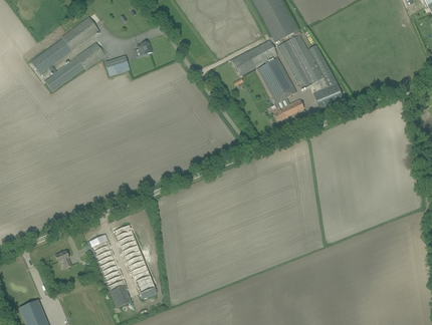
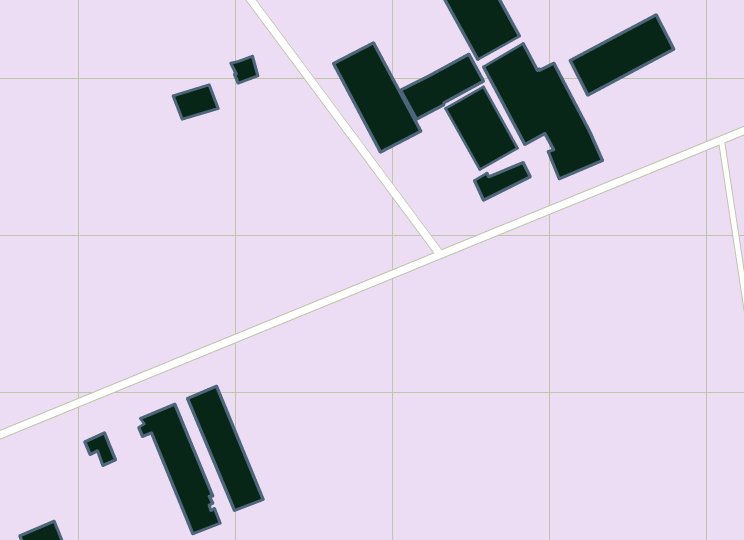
building: [31,16,106,90] -> none
building: none -> [570,15,674,95]
building: none -> [333,43,421,152]

